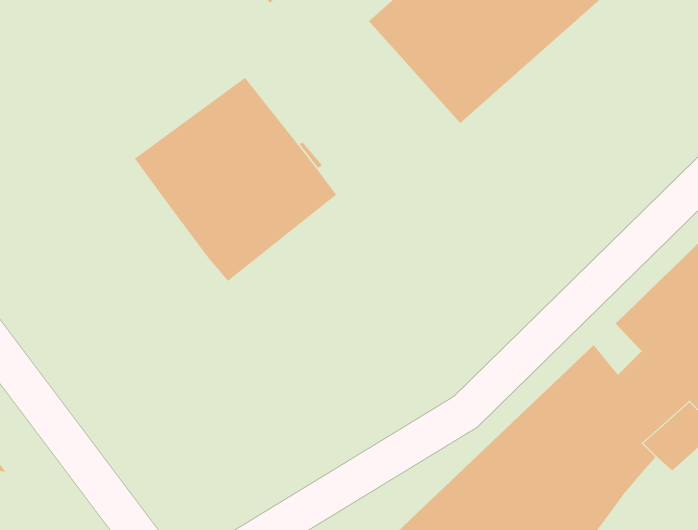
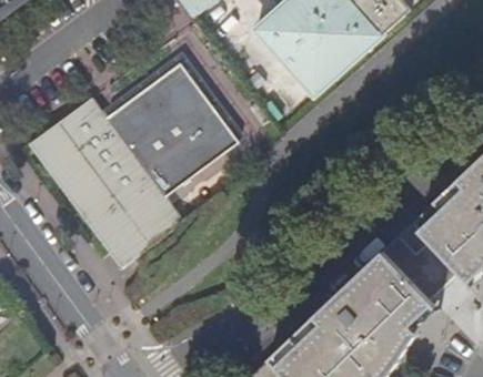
building: none -> [28,99,182,267]

